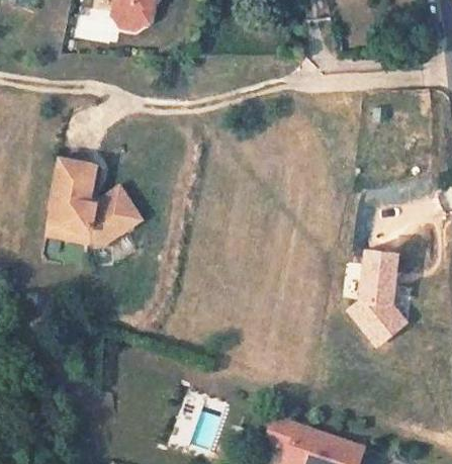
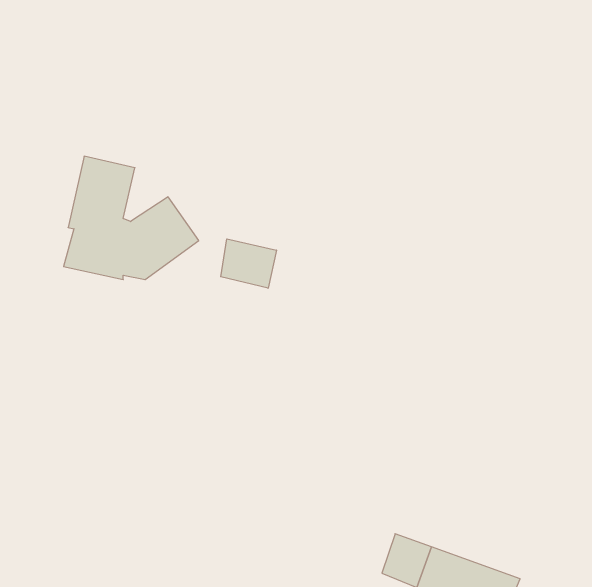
building: none -> [221,239,276,288]
building: [350,247,406,342] -> none

